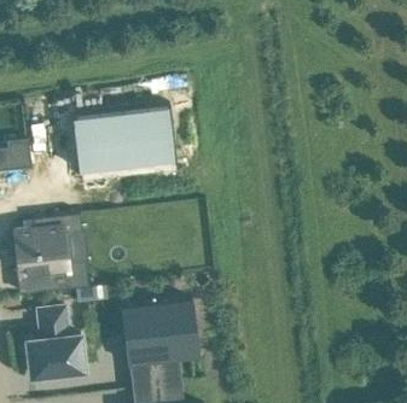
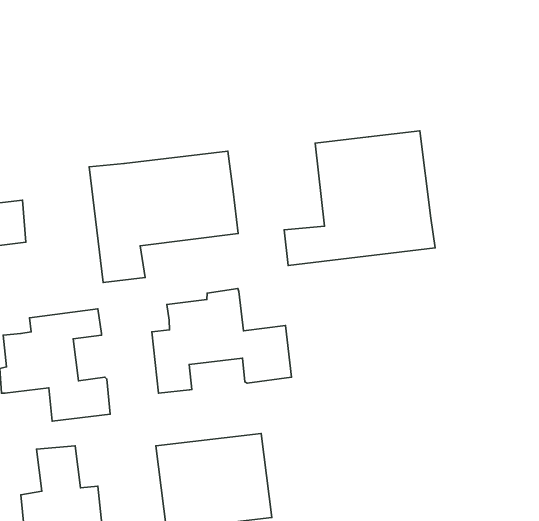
building: none -> [284,131,435,266]
building: none -> [152,288,292,393]

